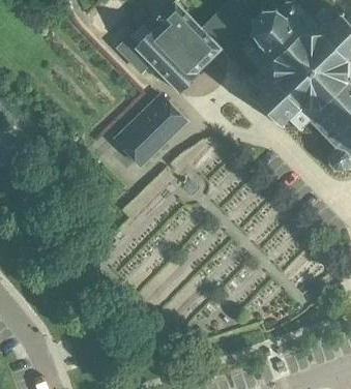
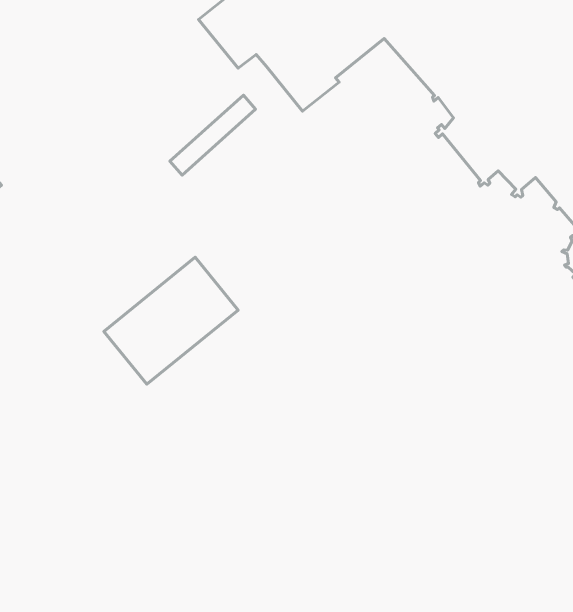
building: [113,95,185,167] -> [104,257,238,384]

